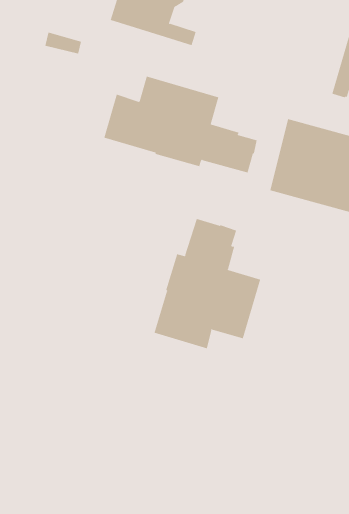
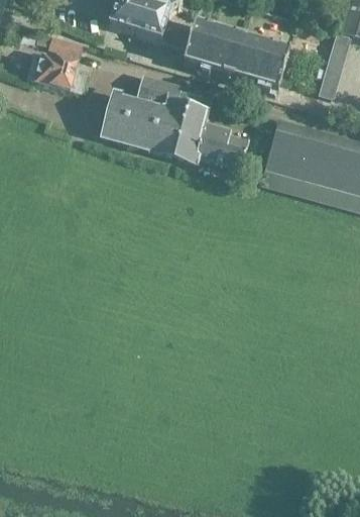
building: none -> [183,25,287,94]
building: none -> [26,55,85,93]
building: [154,218,261,349] -> none

